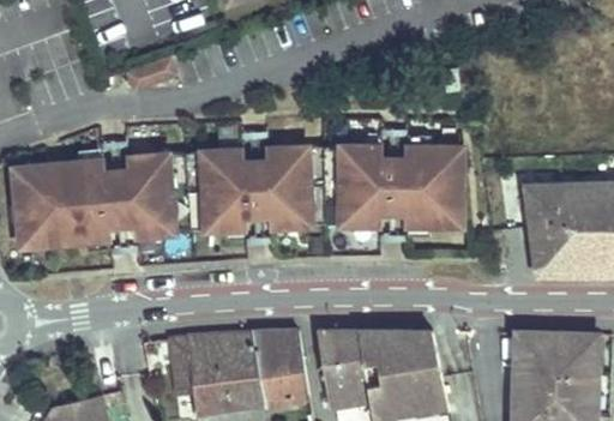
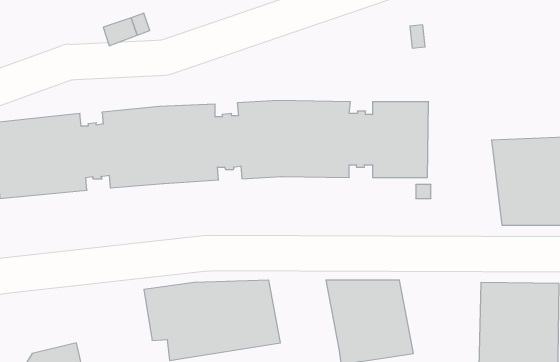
building: [315,330,369,408] -> none

